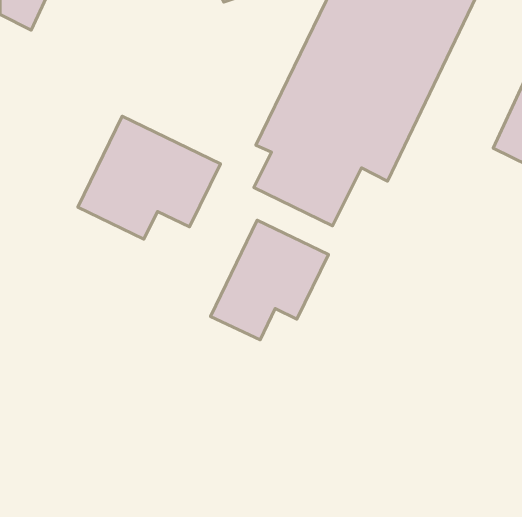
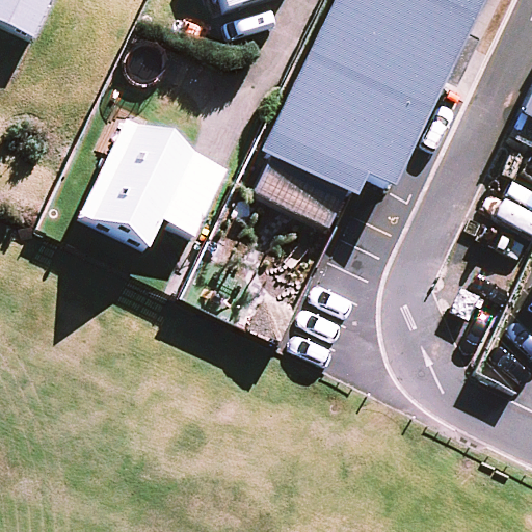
building: [211,220,328,340] -> none

